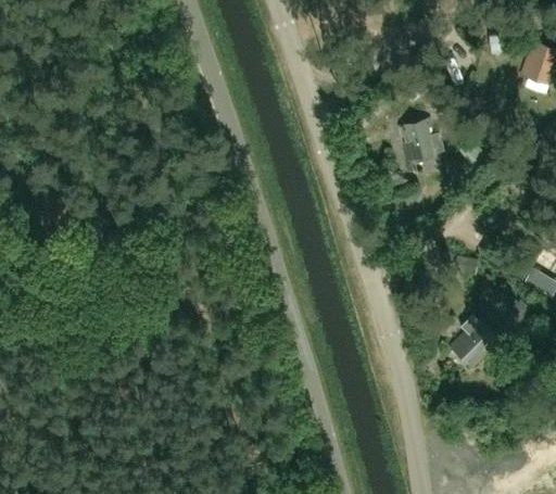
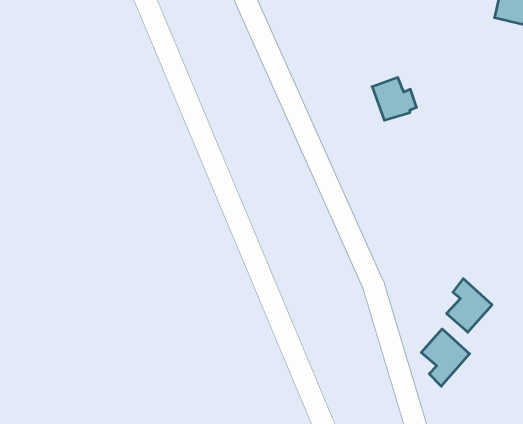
building: none -> [421,329,470,386]

